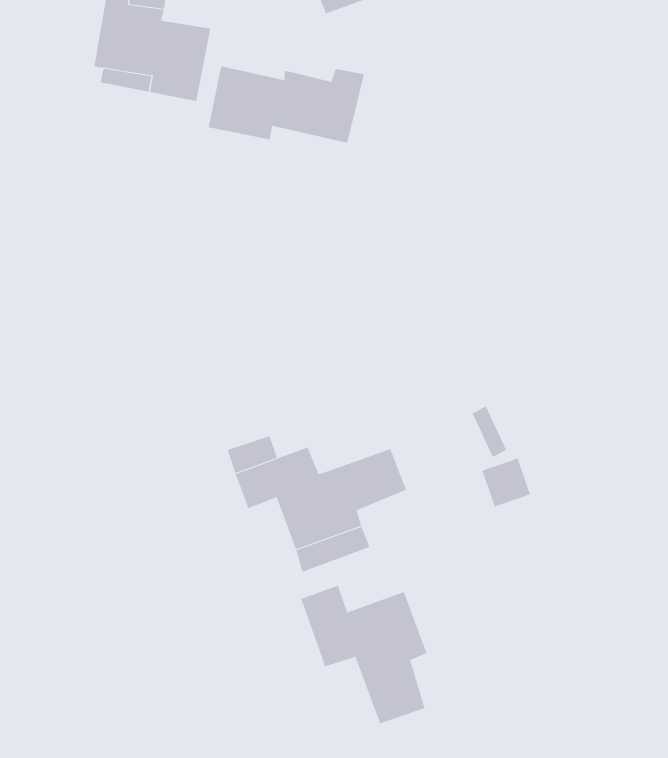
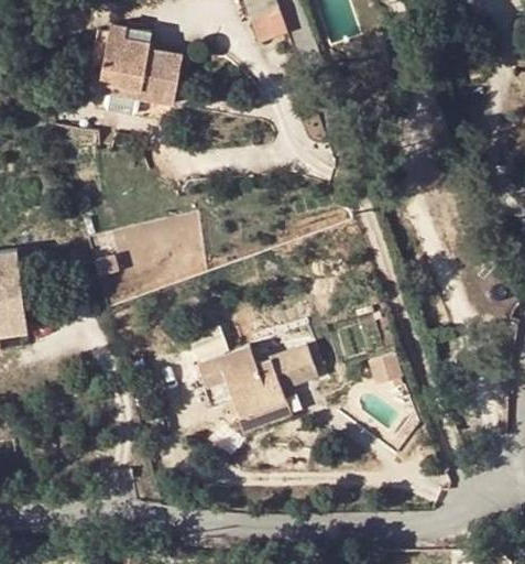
building: [208,65,364,144] -> none
building: [300,585,427,724] -> none

